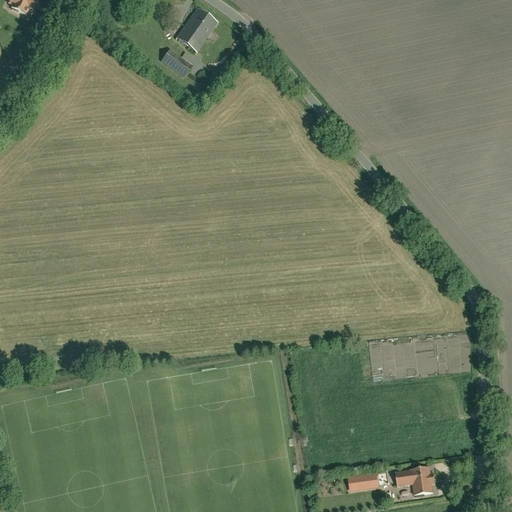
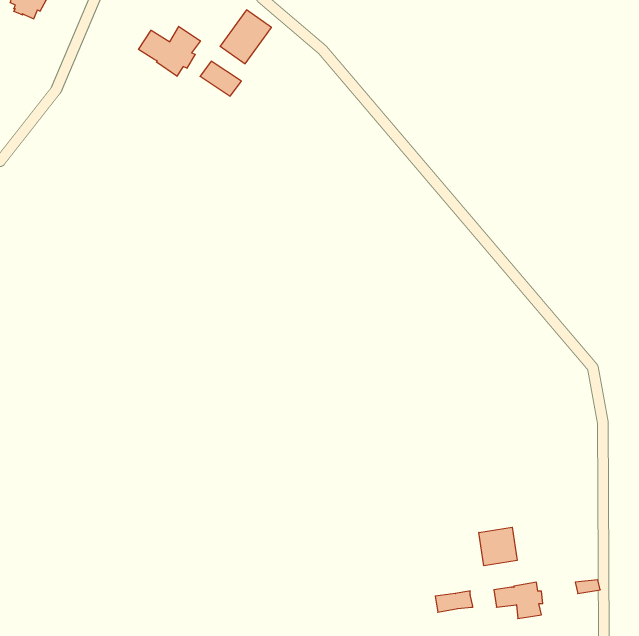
building: none -> [139,26,200,76]
building: none -> [479,527,517,566]

